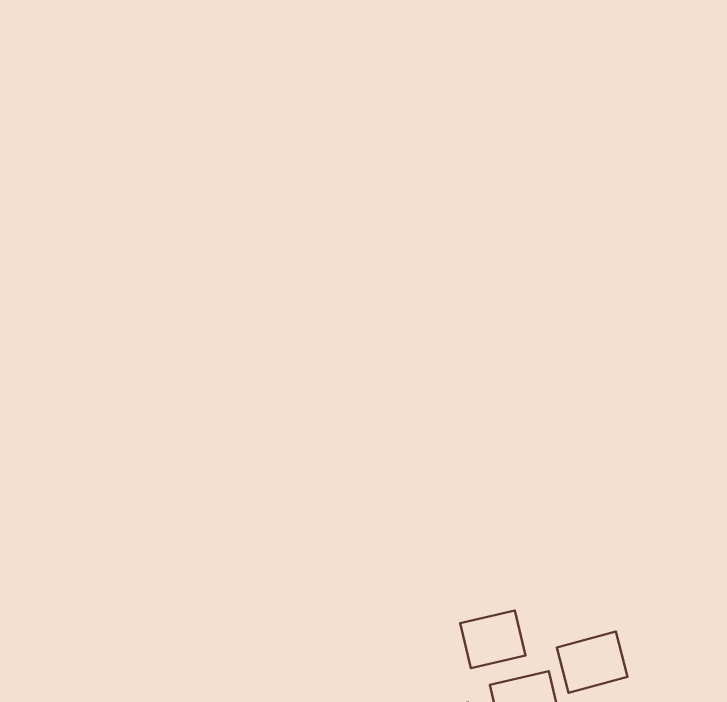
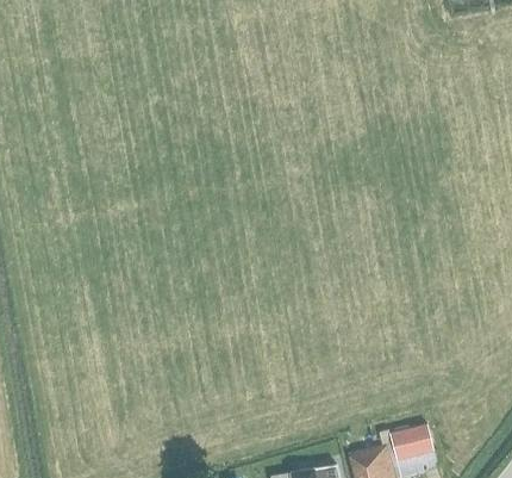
building: [460,611,525,668] -> none

